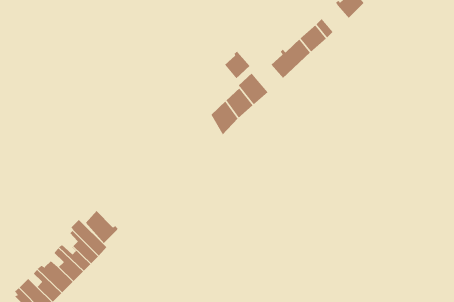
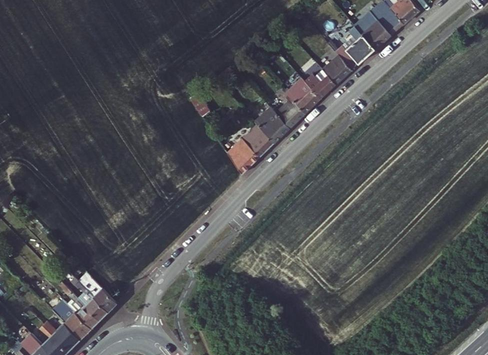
building: none -> [343,37,373,65]
building: [224,51,250,79] -> [275,99,303,129]
building: [85,210,118,244] -> none

